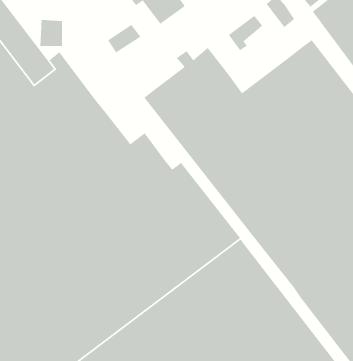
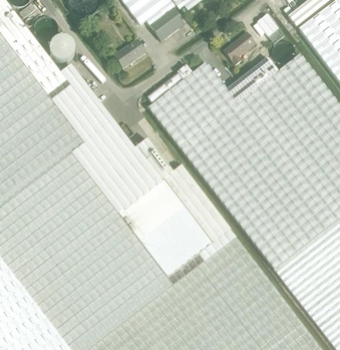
building: none -> [226,59,277,103]

